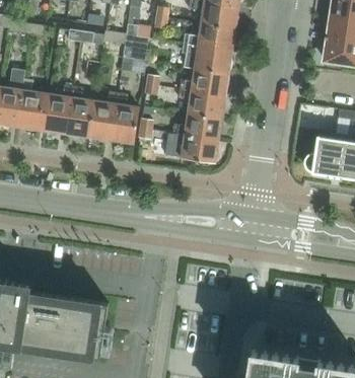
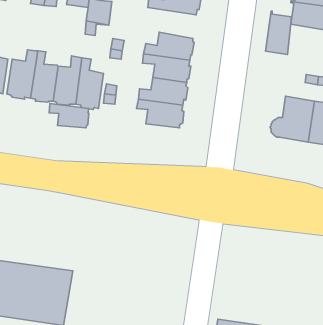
building: [180,45,231,75] -> none
building: none -> [266,11,291,54]
building: none -> [49,103,89,128]

